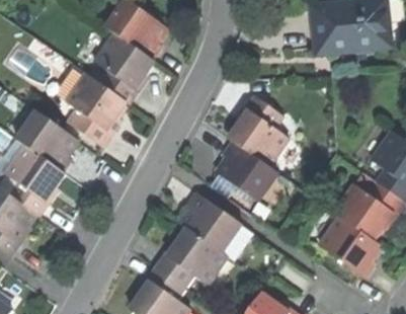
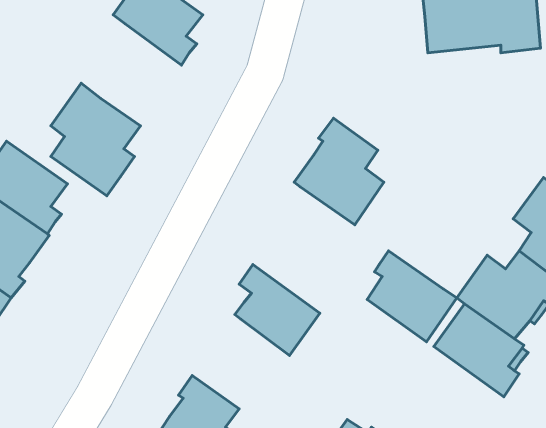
building: [92,31,152,102] -> none
building: [215,140,274,201] -> [367,251,457,342]
building: [157,228,227,288] -> none

